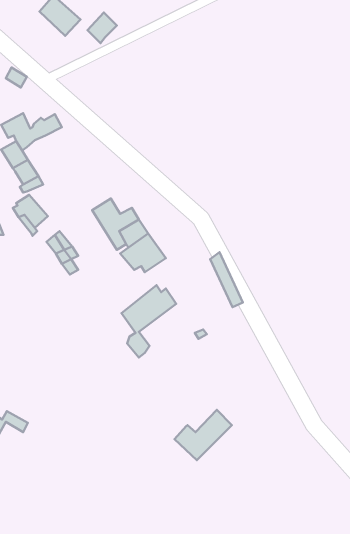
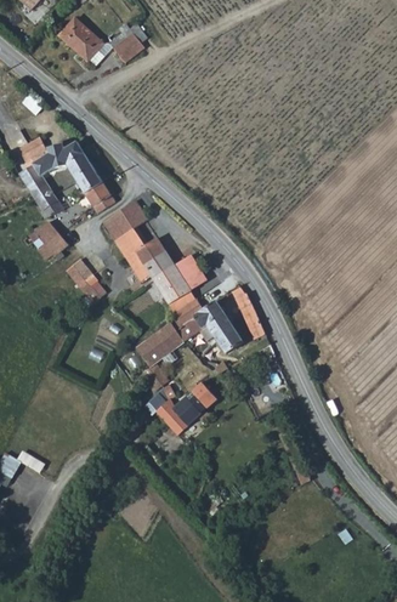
building: none -> [64,152,112,210]
building: none -> [101,198,146,238]
building: none -> [171,252,203,288]
building: none -> [176,295,249,352]
building: [175,410,232,460] -> [163,382,222,435]

